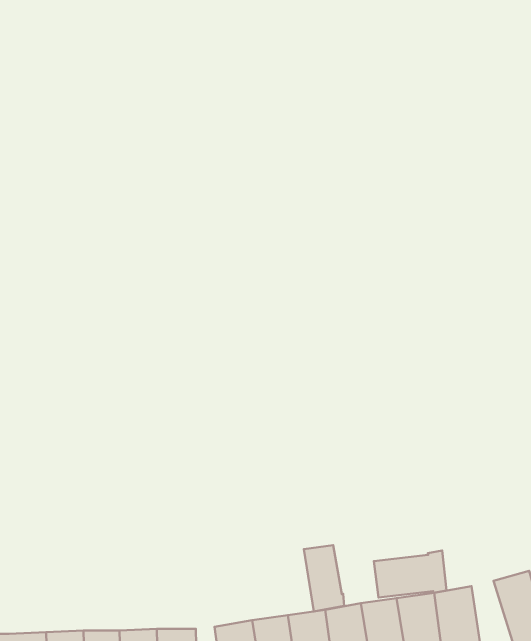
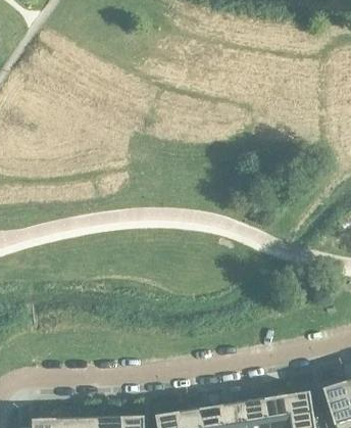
building: [304,545,344,611] -> none
building: [374,551,447,597] -> none

